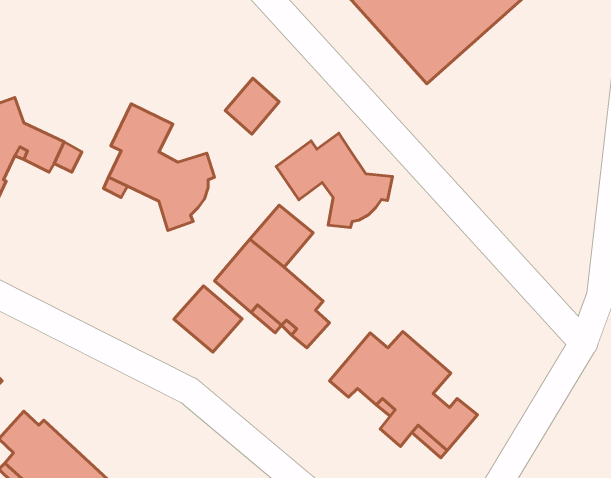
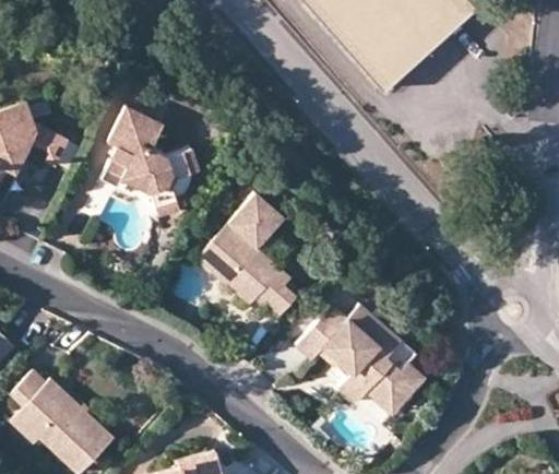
building: [225,78,279,134] -> none
building: [276,133,393,228] -> none
building: [174,286,242,352] -> none

